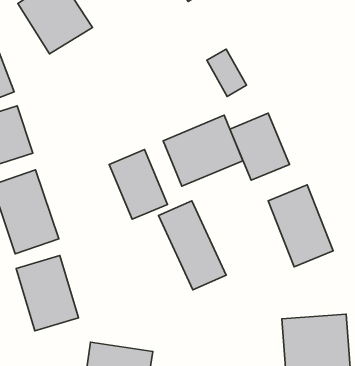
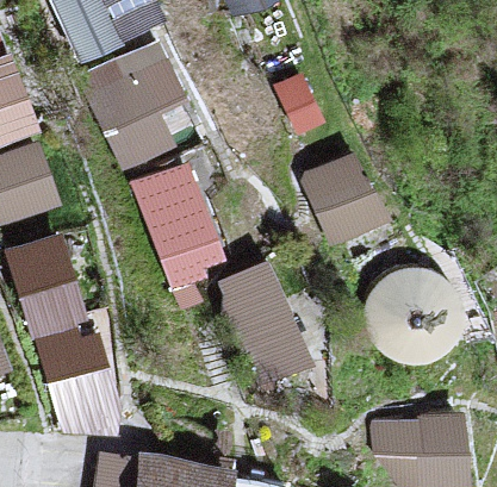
building: none -> [89,63,181,166]
building: [163,115,243,186] -> none

